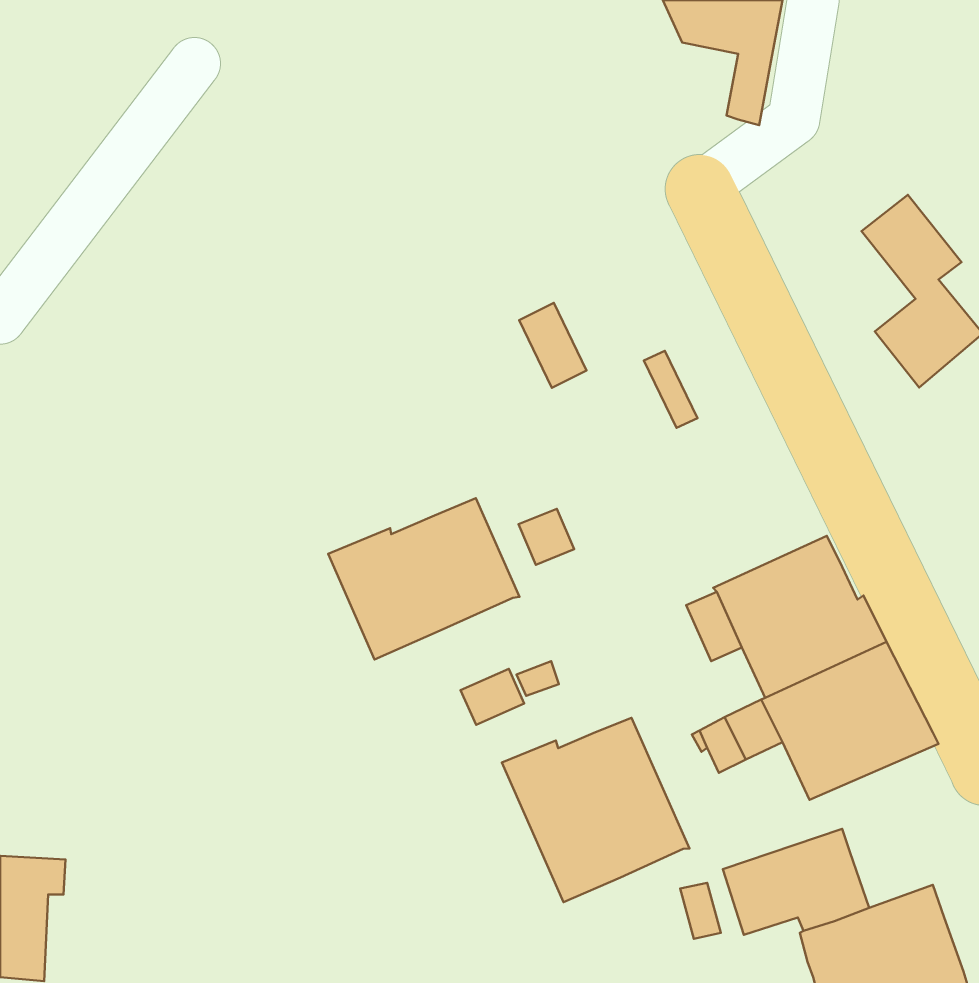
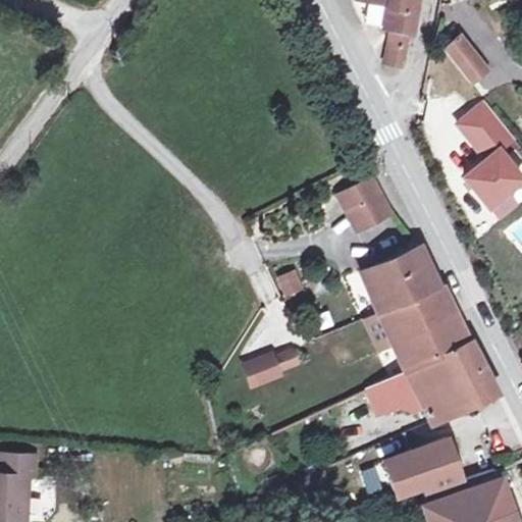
building: none -> [446,35,492,85]
building: [519,303,587,388] -> [355,177,390,222]
building: none -> [363,247,440,312]
building: [328,498,520,659] -> none
building: [502,718,689,902] -> none

